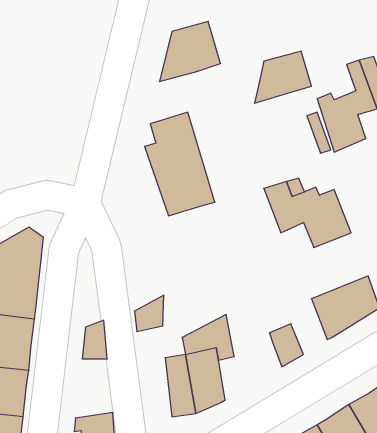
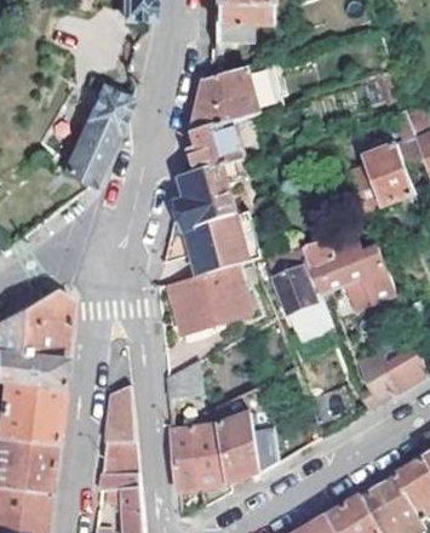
building: none -> [62,87,131,187]
building: [255,51,311,103] -> [183,122,243,178]
building: none -> [271,257,329,342]
building: none -> [170,265,252,332]
building: none -> [172,428,206,494]
building: none -> [103,429,143,492]

